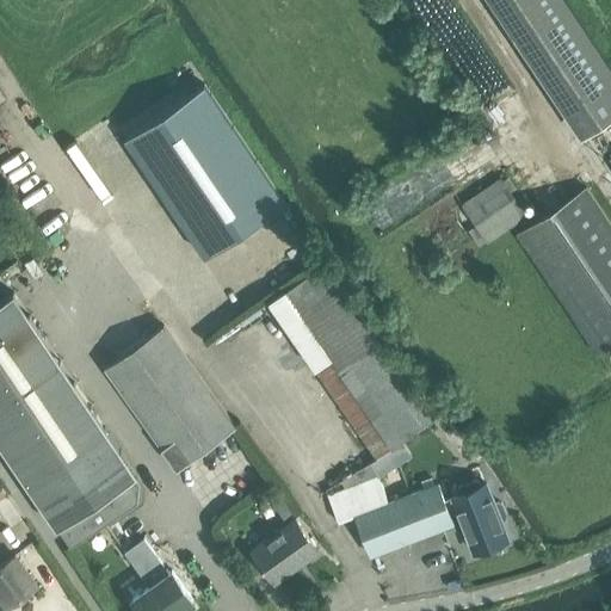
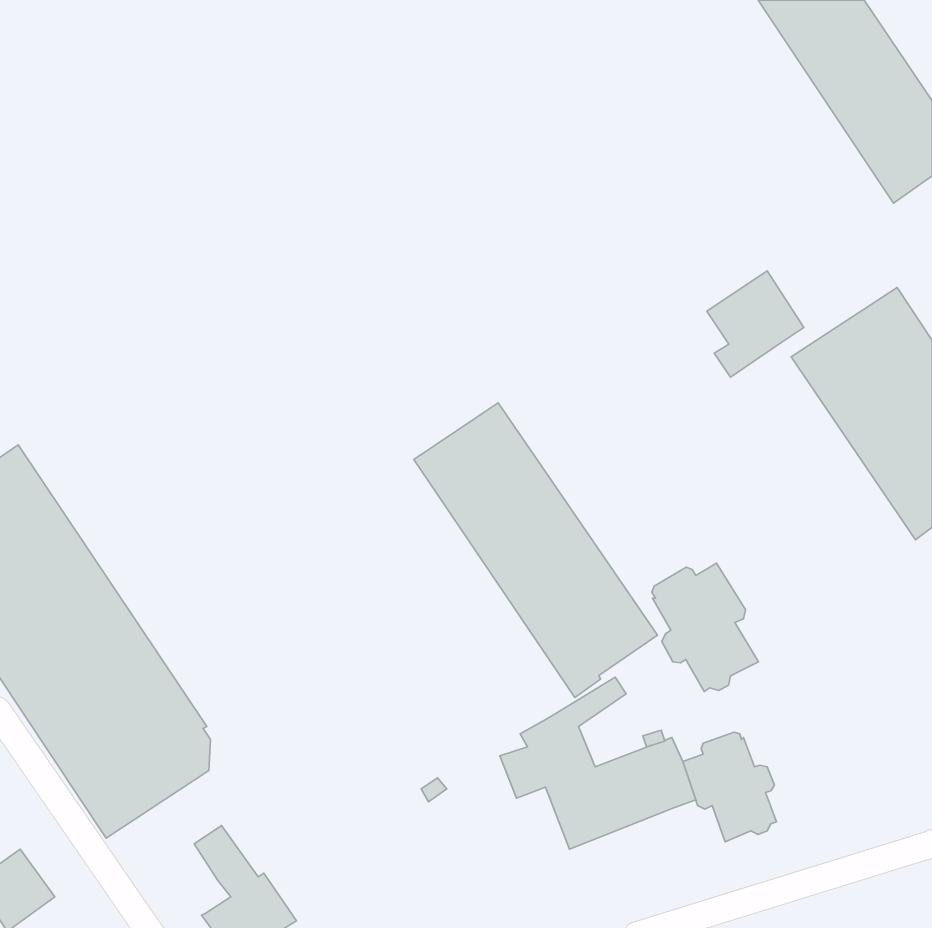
building: [123,87,283,260] -> none
building: [103,328,234,470] -> none
building: none -> [652,563,758,691]
building: [252,523,317,584] -> none

